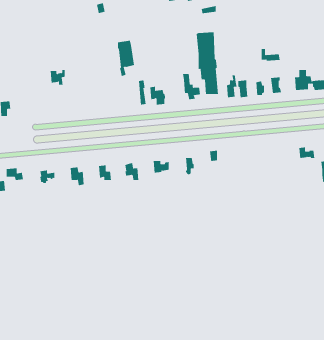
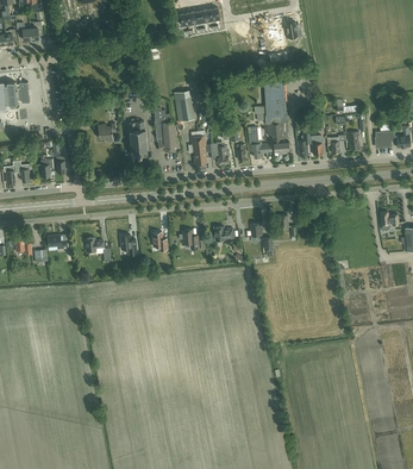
building: none -> [155,108,176,151]
building: none -> [129,119,148,156]

